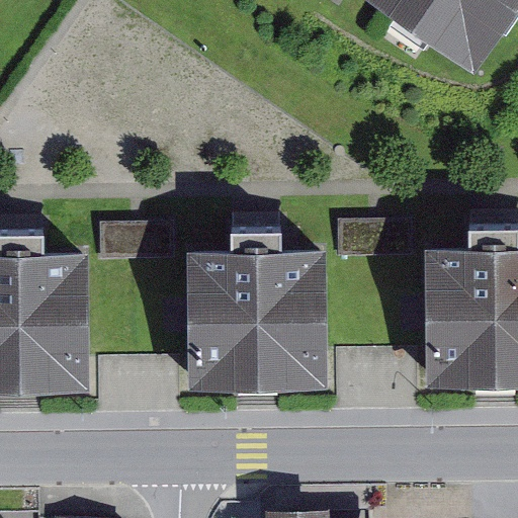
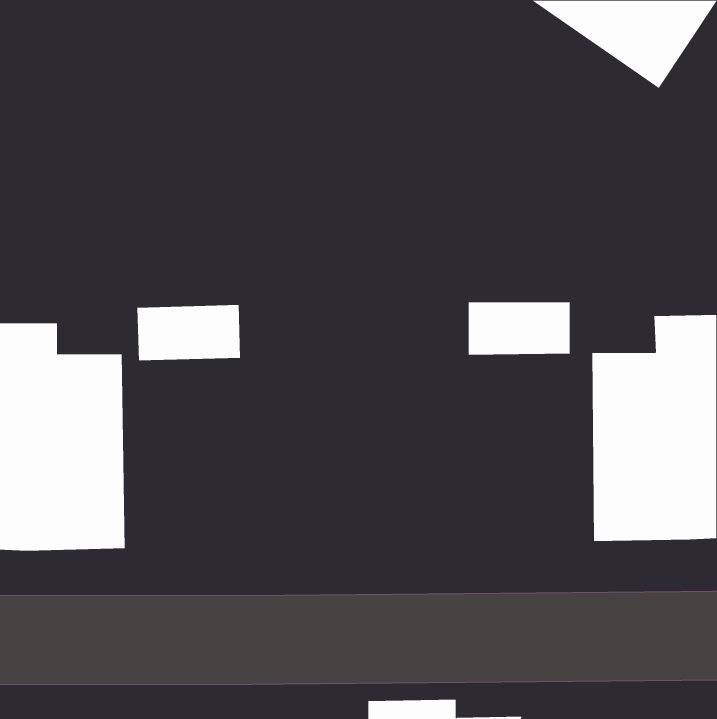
building: [184,229,330,394] -> none

